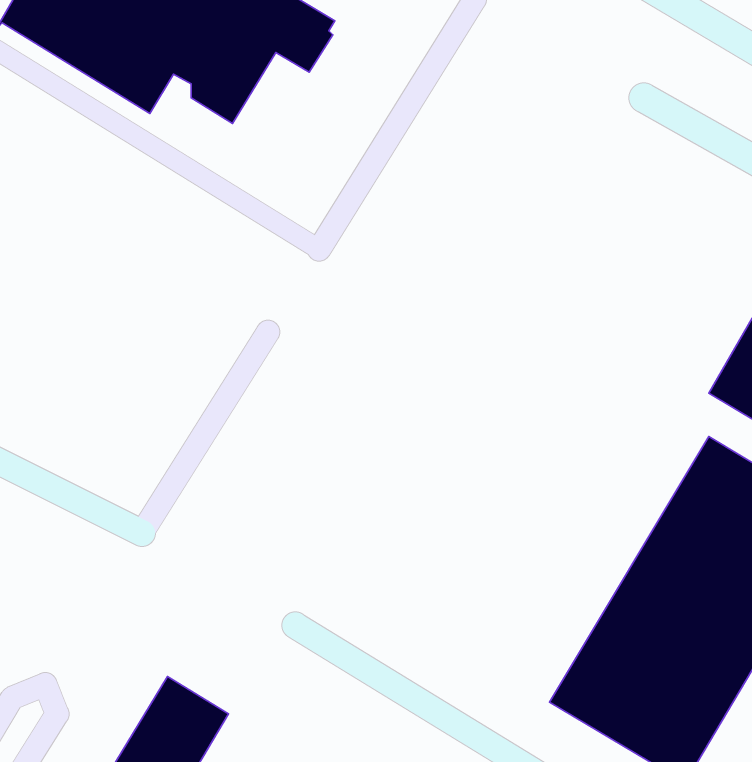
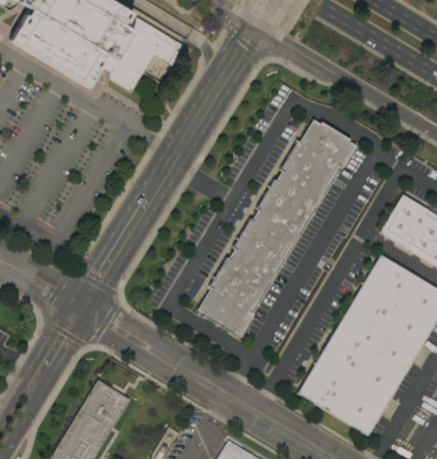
building: none -> [197,119,356,336]

